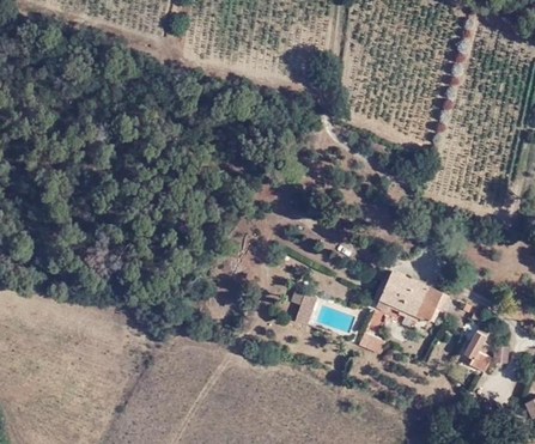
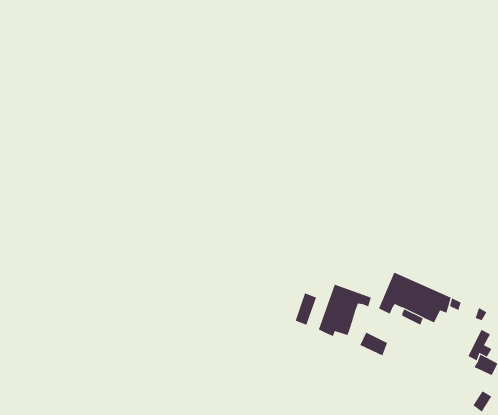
building: none -> [318,284,371,337]

